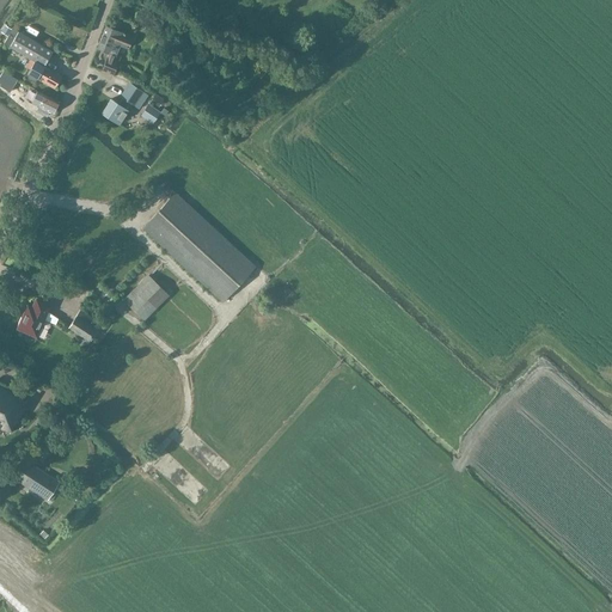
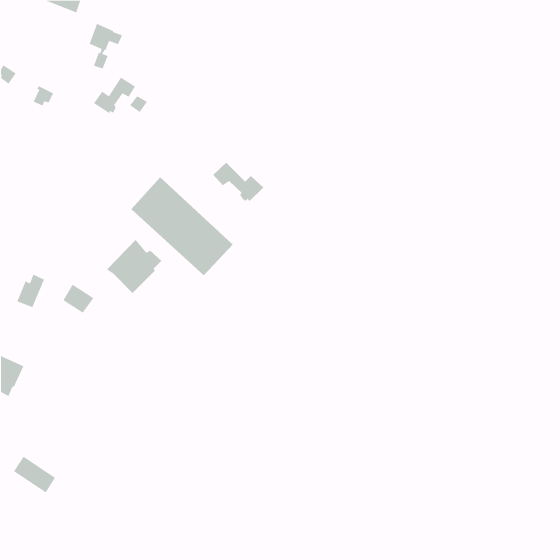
building: [10,32,61,87] -> none
building: none -> [212,162,264,202]
building: [11,459,57,500] -> [13,456,56,493]

